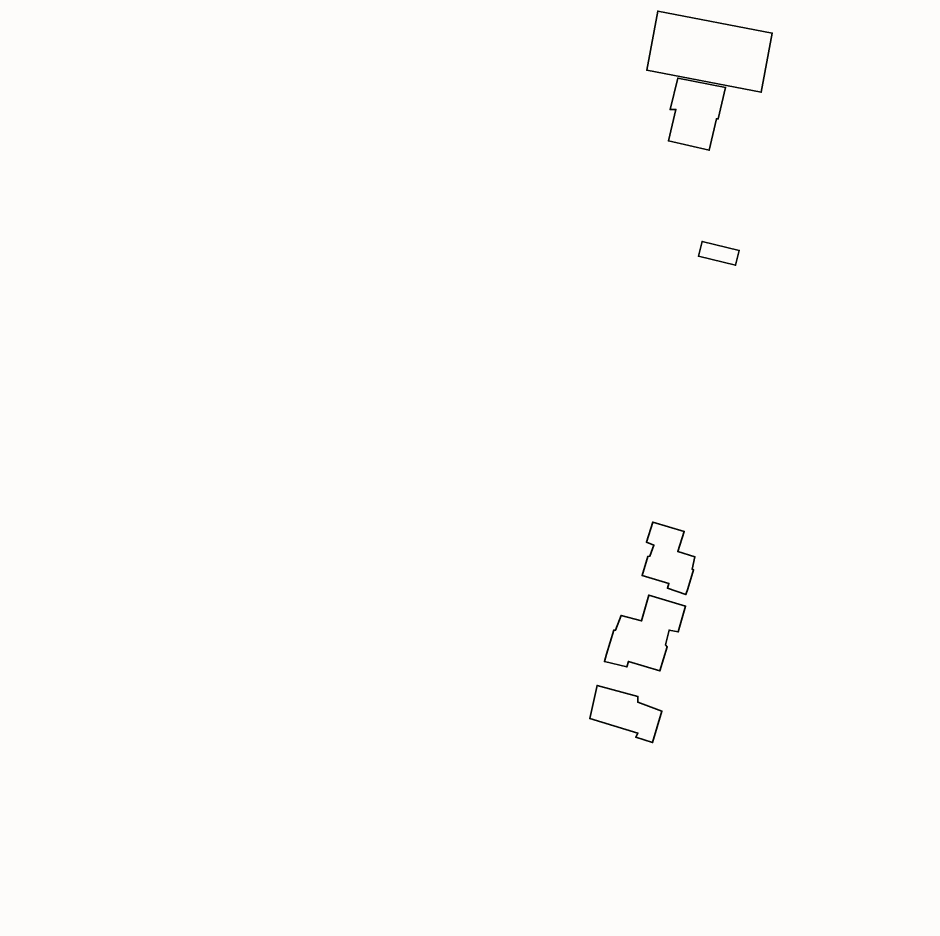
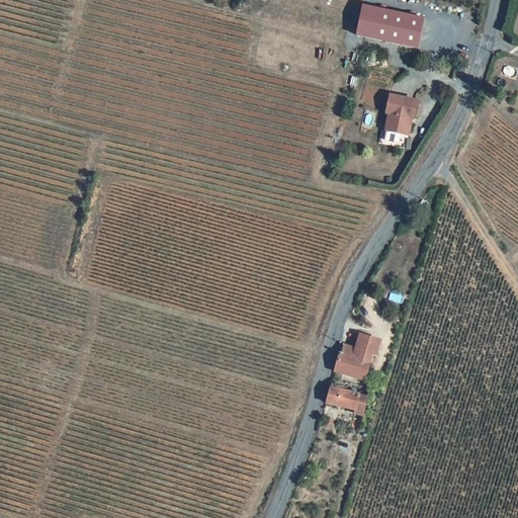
building: [668,78,726,150] -> [388,93,420,133]
building: [642,522,695,594] -> none

